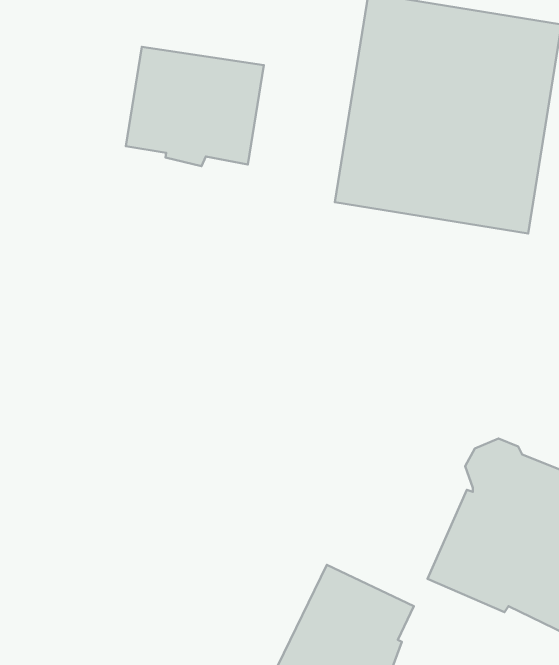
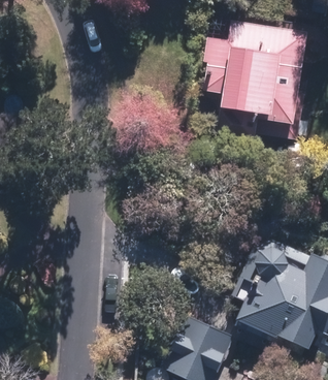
building: [126,47,264,166] -> none

